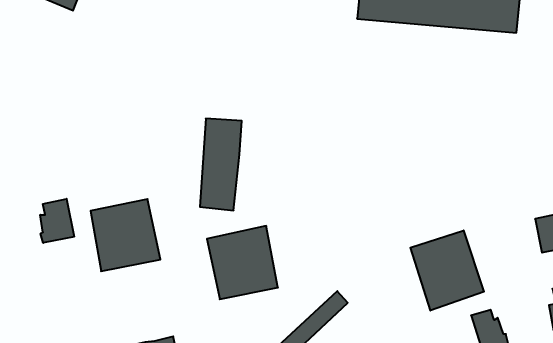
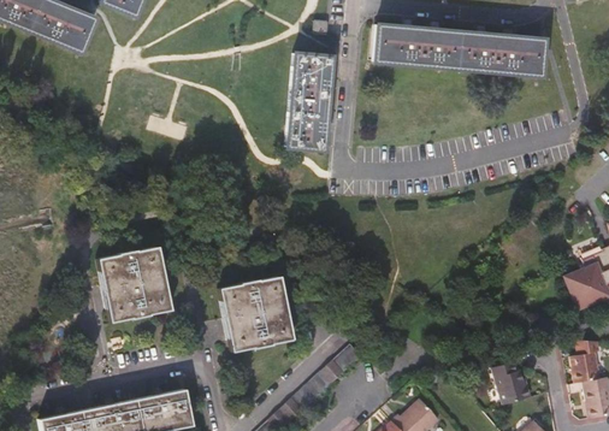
building: [200,119,242,210] -> [286,54,330,149]
building: [40,199,74,243] -> none
building: [410,230,484,311] -> none

